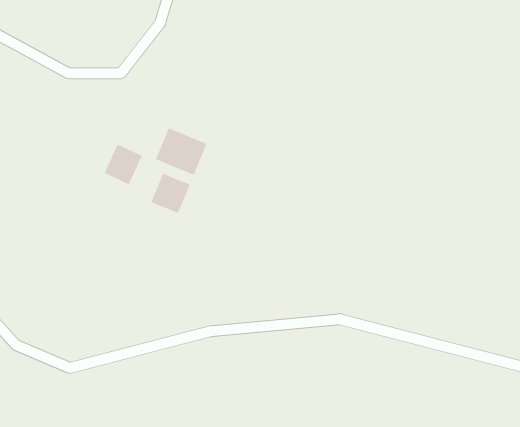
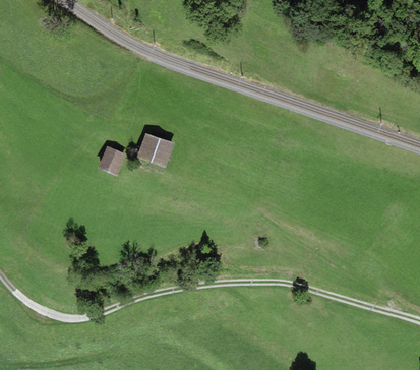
building: [150,173,191,214] -> none

